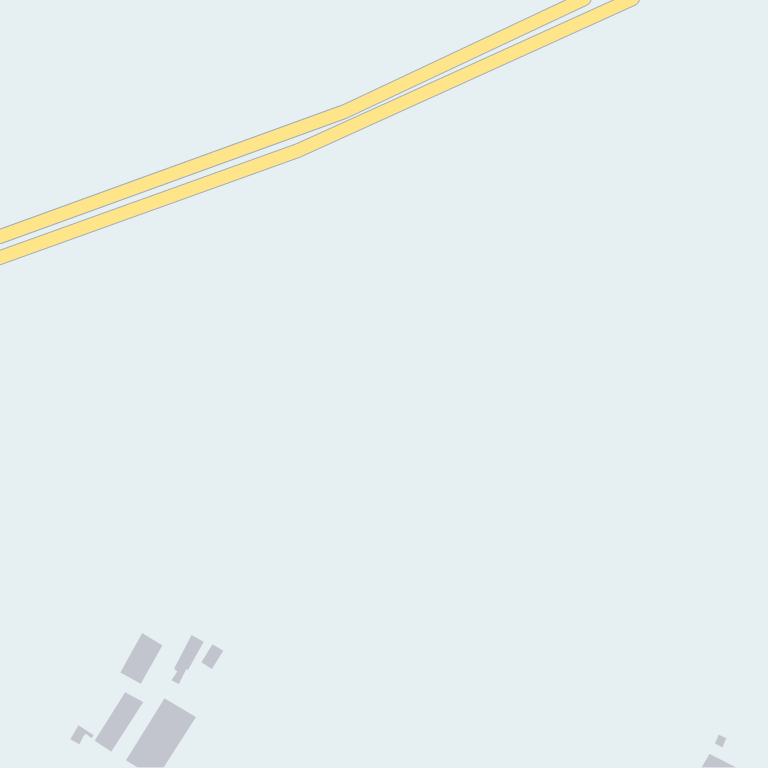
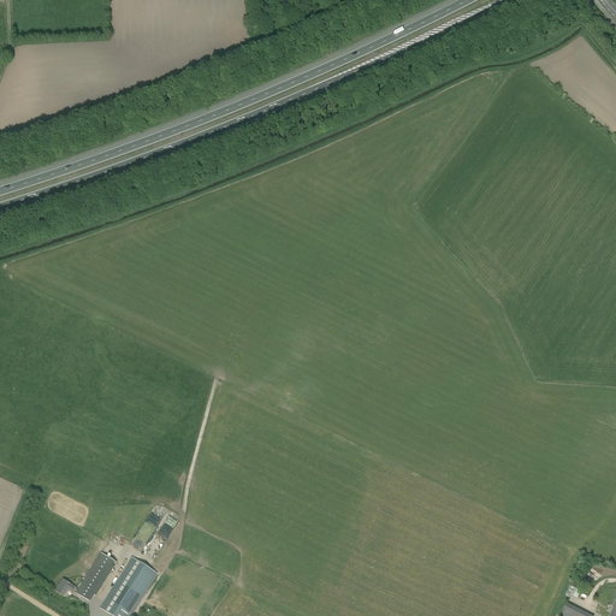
building: [119,632,164,685] -> none

